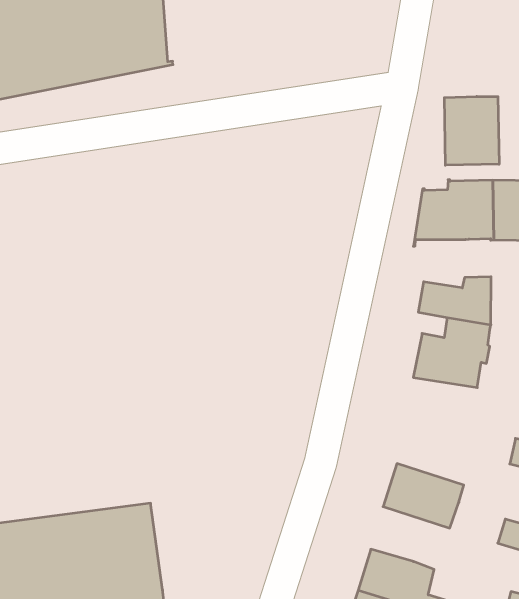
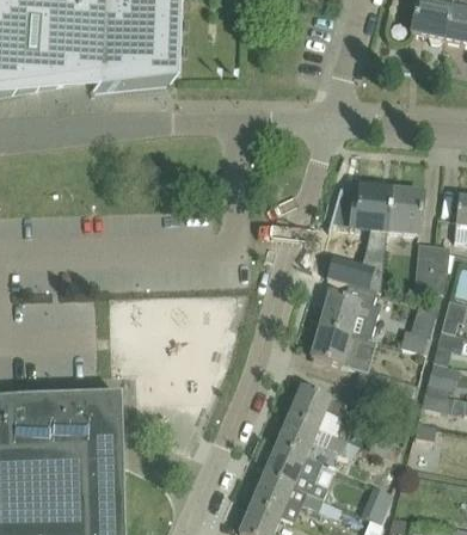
building: [444,96,499,165] -> none
building: none -> [311,322,376,369]
building: none -> [276,413,348,455]

